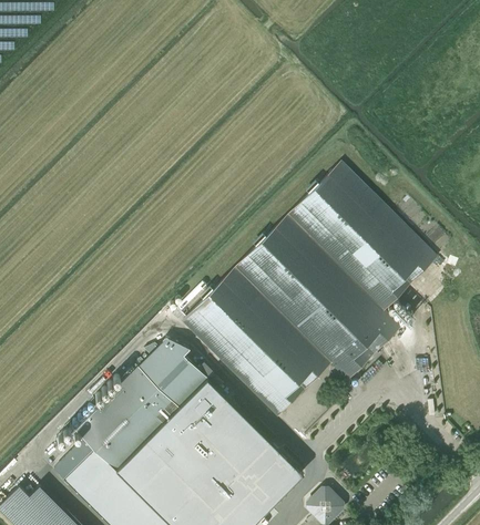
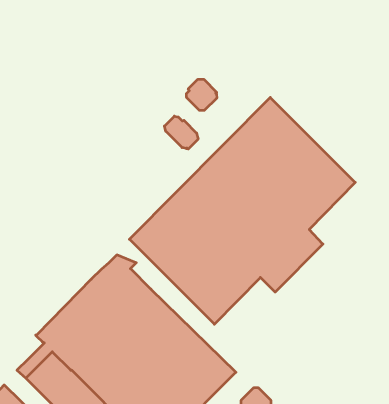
building: none -> [186,79,217,110]
building: none -> [164,116,198,149]

